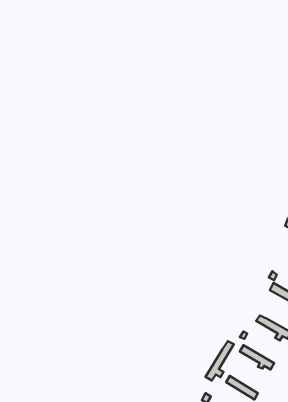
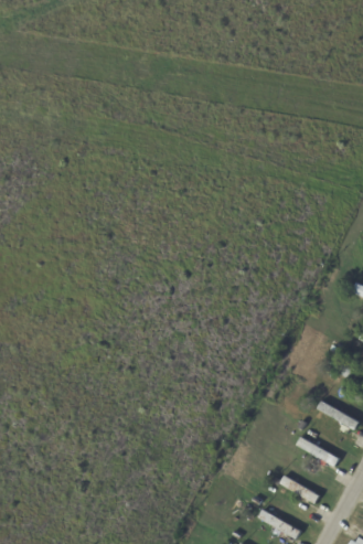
building: [206,341,234,380] -> none

